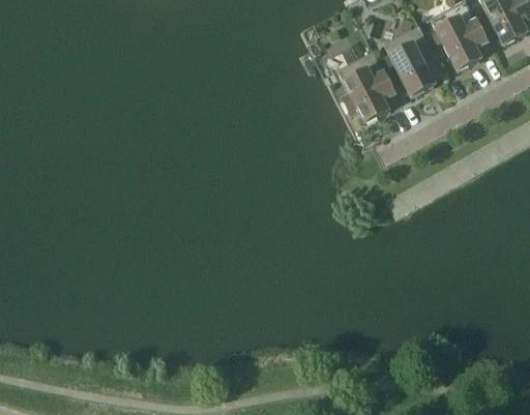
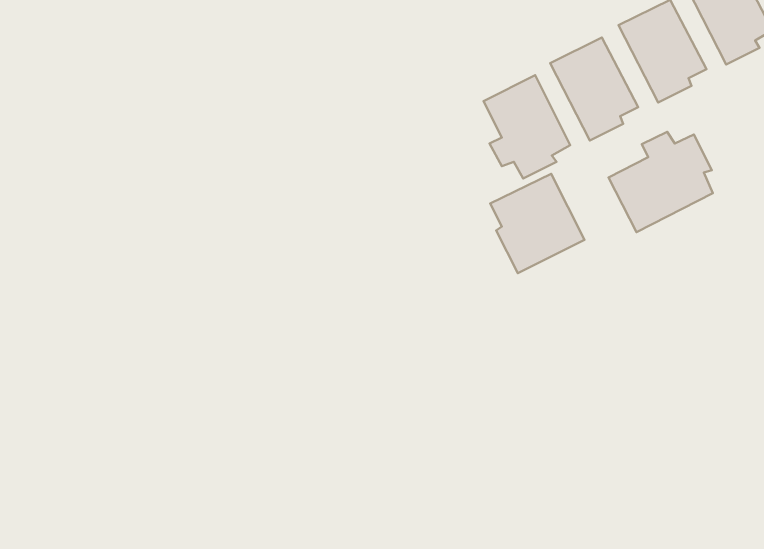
building: none -> [608,132,713,232]
building: none -> [490,174,584,273]

